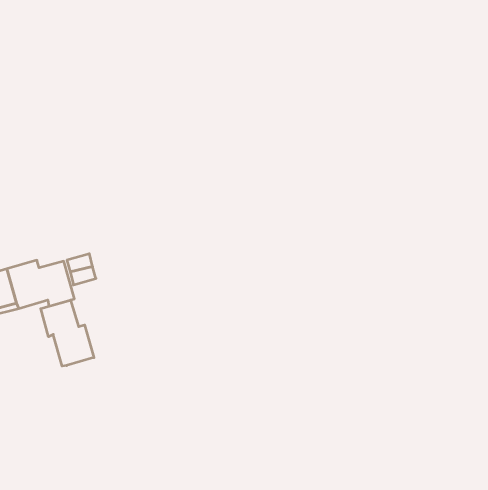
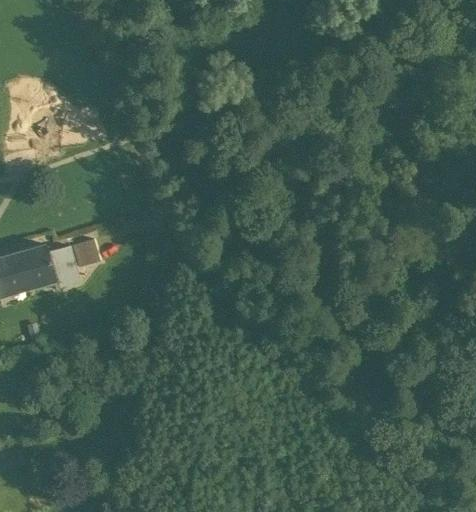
building: [41,300,94,366] -> none

